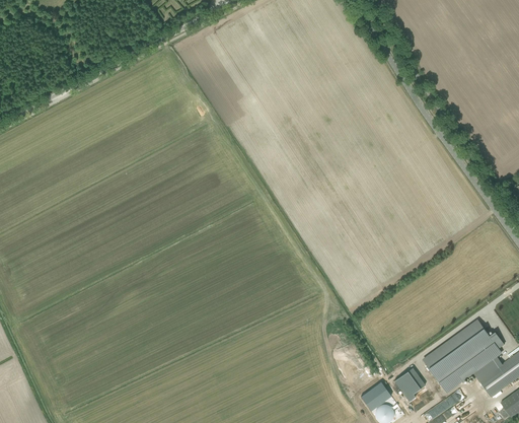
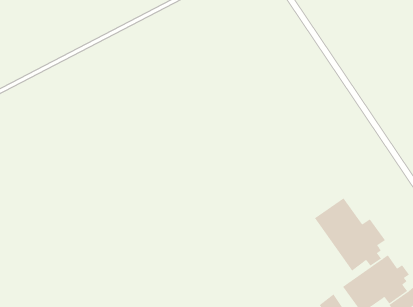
building: none -> [314,197,386,271]

